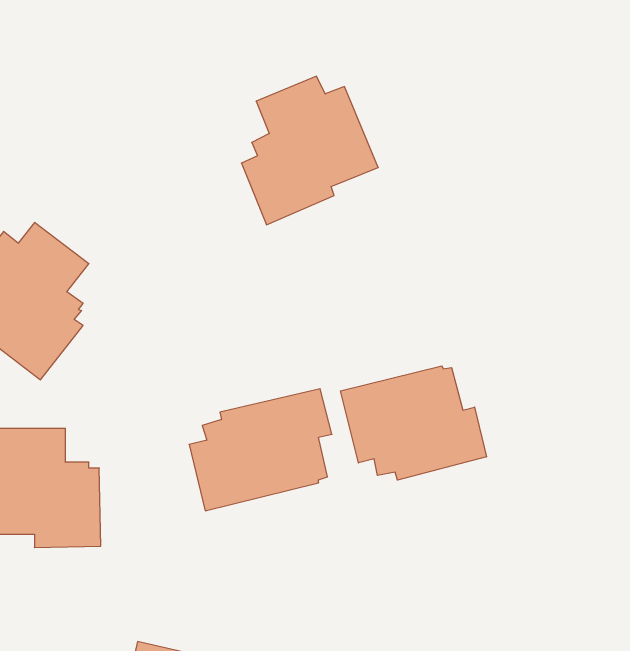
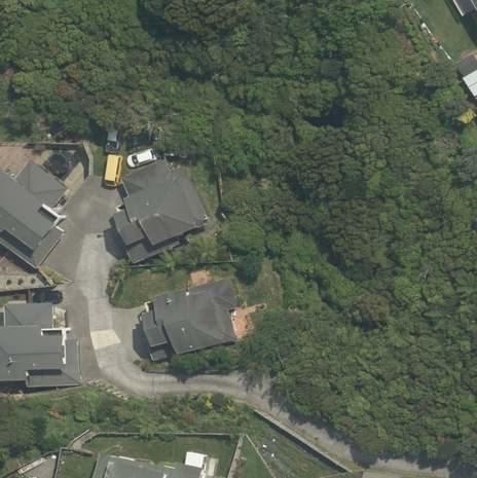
building: [241,76,378,225] -> [111,160,207,264]
building: [340,366,486,480] -> none

